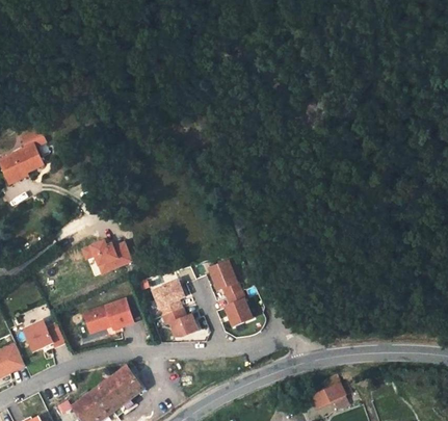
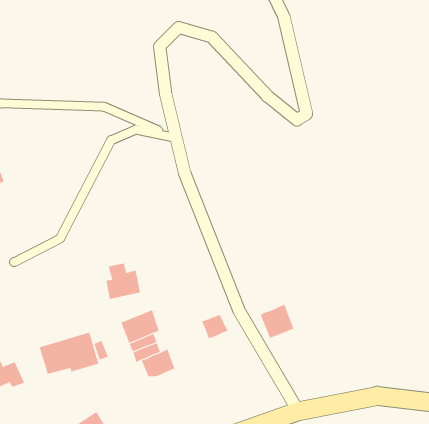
building: [86,241,117,273] -> [105,263,141,300]
building: [207,259,238,291] -> none
building: [223,296,254,326] -> [260,304,294,338]

